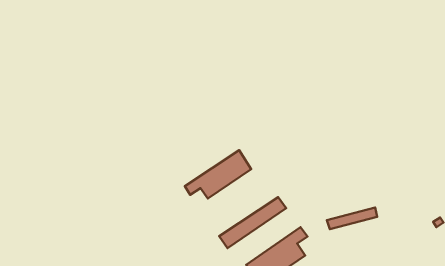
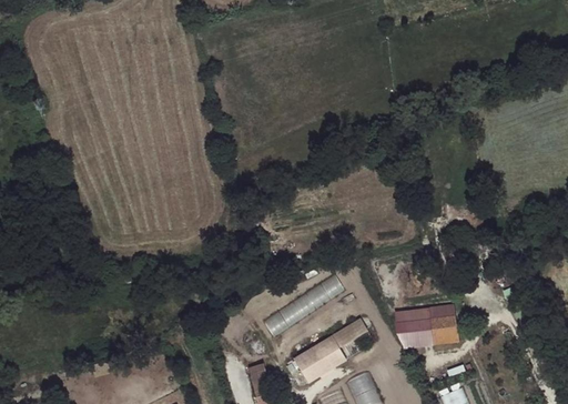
building: [185,150,251,199] -> none
building: none -> [396,316,458,349]

